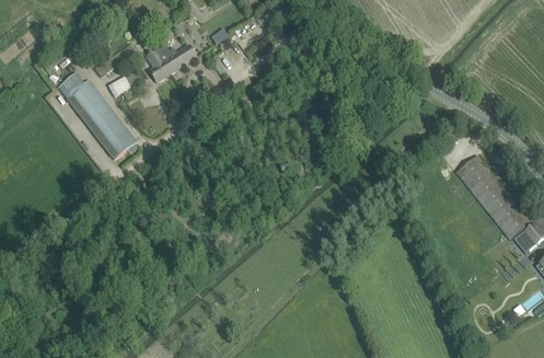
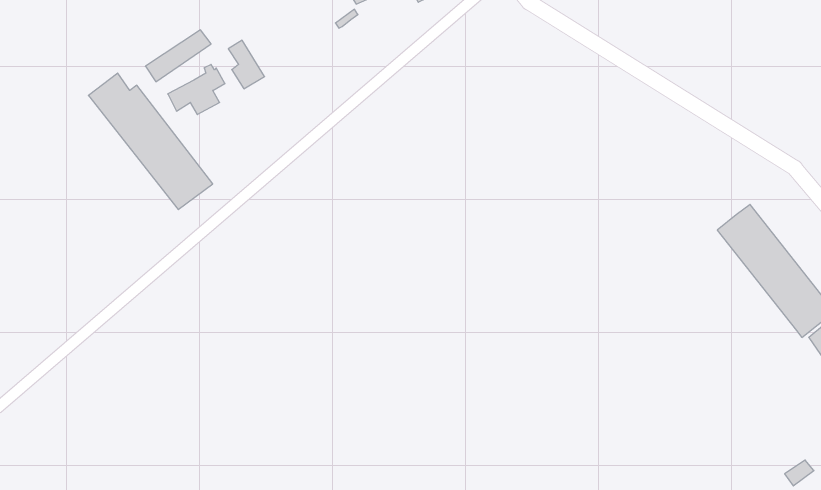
building: [154,44,196,73] -> none

